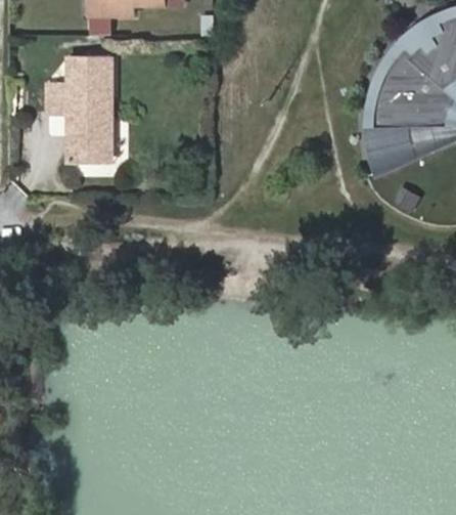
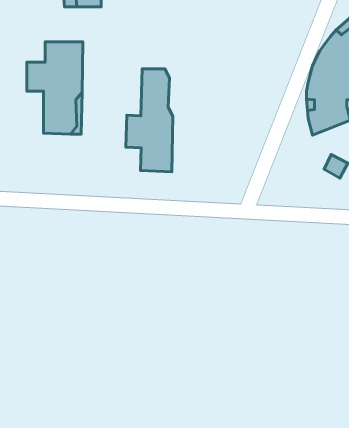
building: none -> [126,69,173,172]

